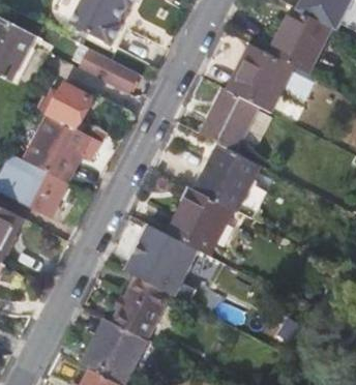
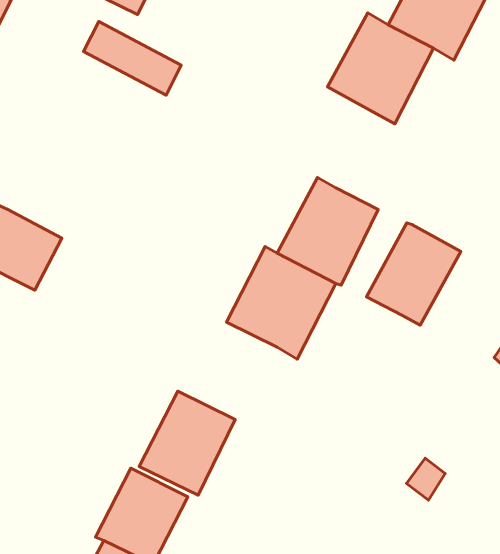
building: [32,82,95,181] -> none
building: [201,87,259,150] -> [366,223,461,325]
building: [129,223,198,301] -> none

